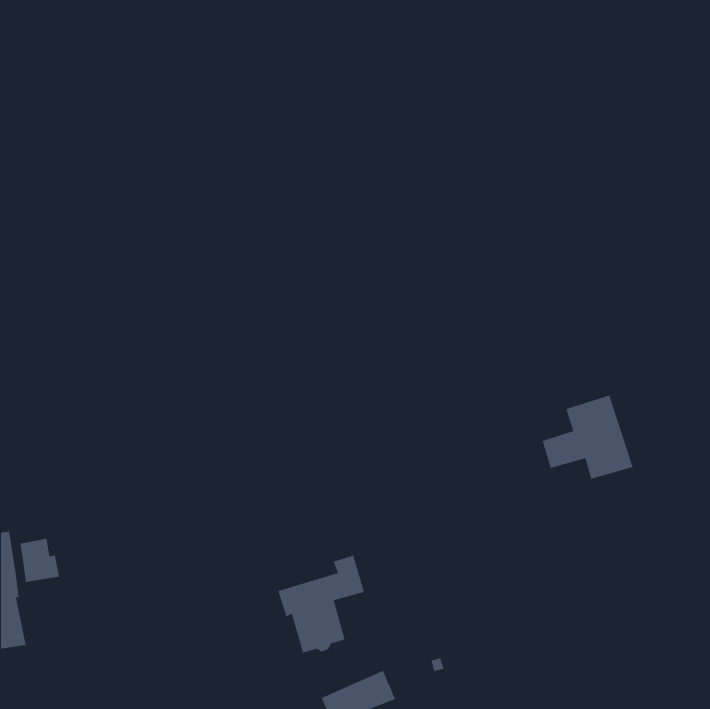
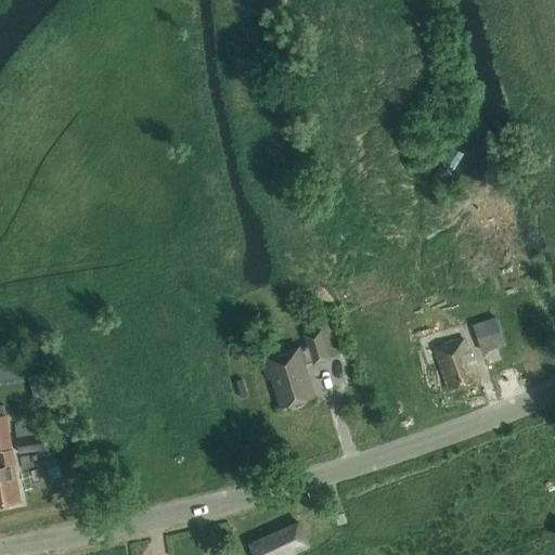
building: [277,555,365,653] -> [261,331,330,408]

